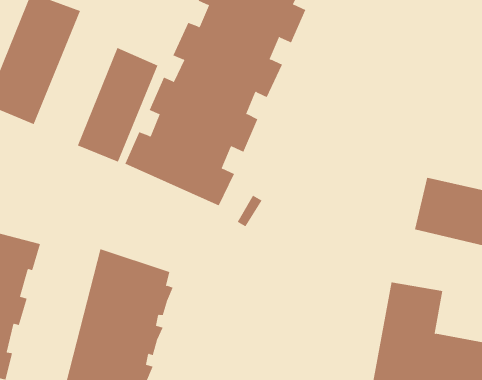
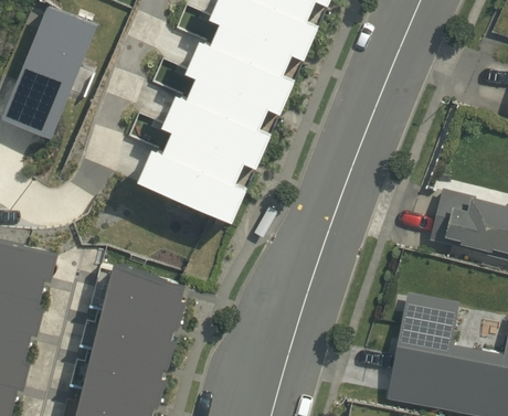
building: [77,47,158,162] -> none

